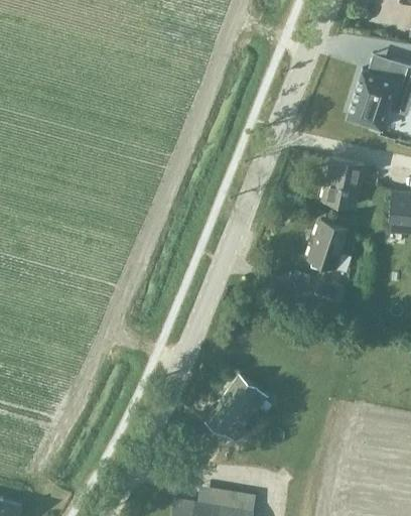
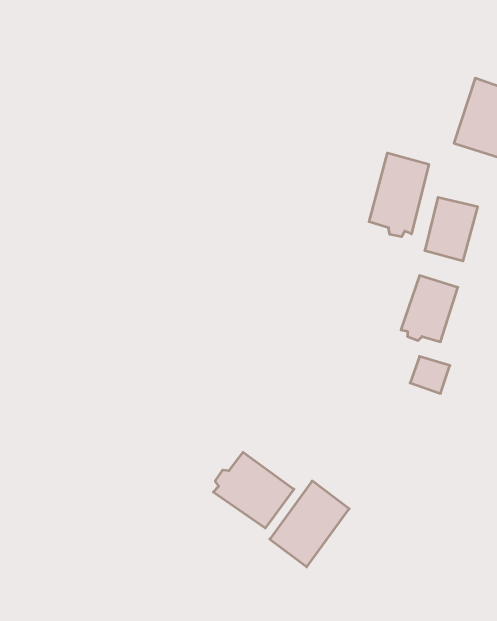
building: none -> [369,153,429,237]
building: none -> [213,452,294,528]

